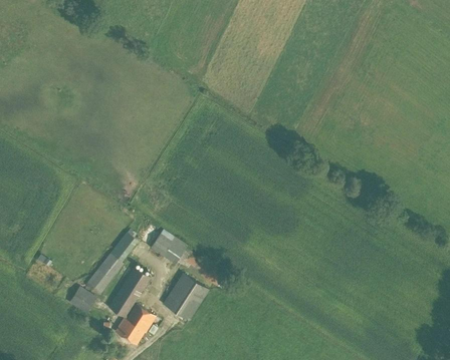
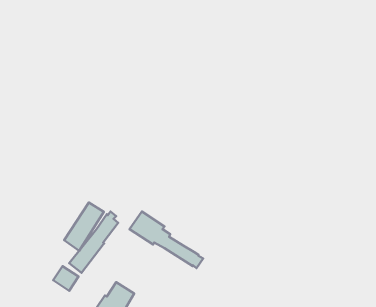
building: [107,267,150,318] -> [64,203,104,251]
building: [163,273,207,320] -> none

